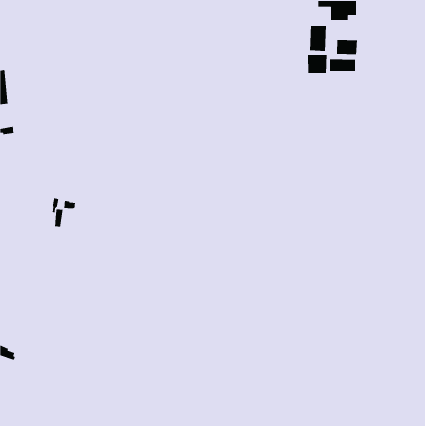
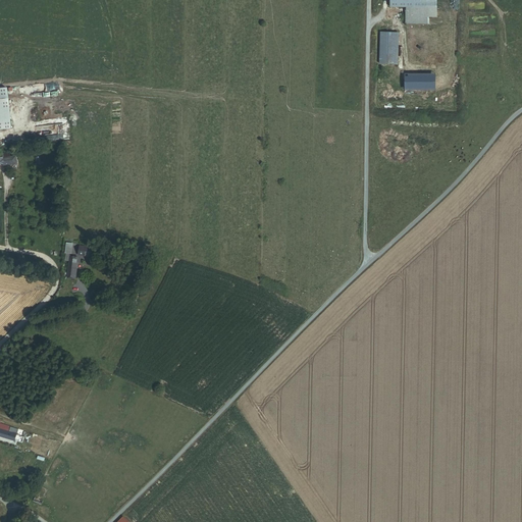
building: [336,39,358,55] -> none
building: [307,54,327,74] -> none

